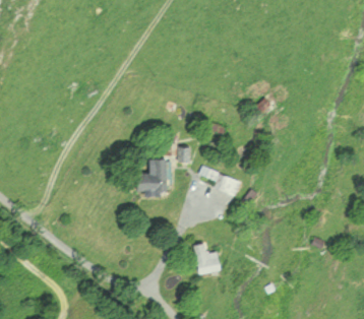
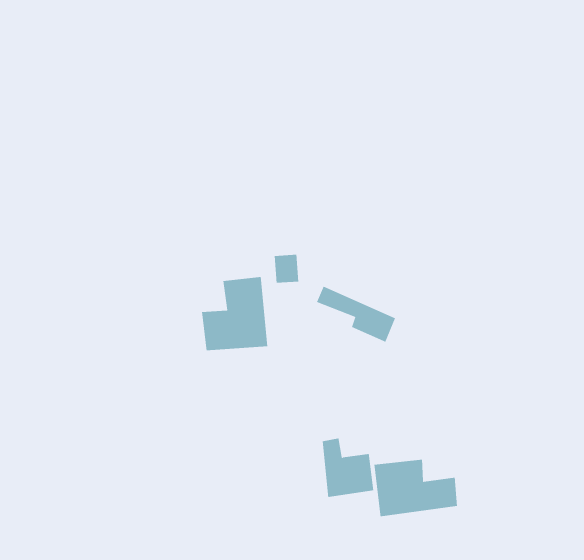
building: none -> [374,459,458,517]

